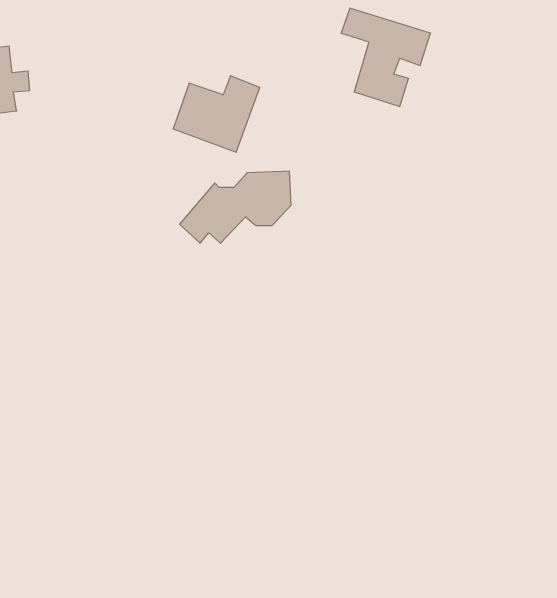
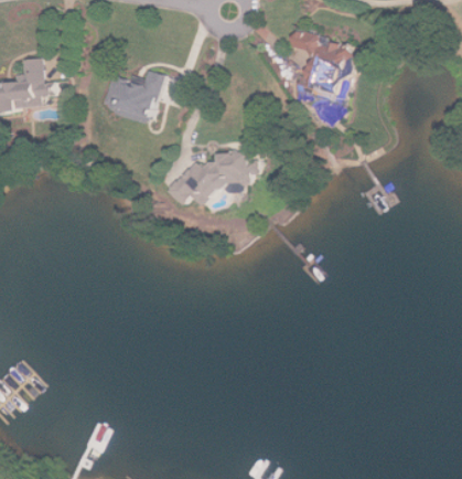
building: [173,76,260,152] -> [101,66,166,124]

